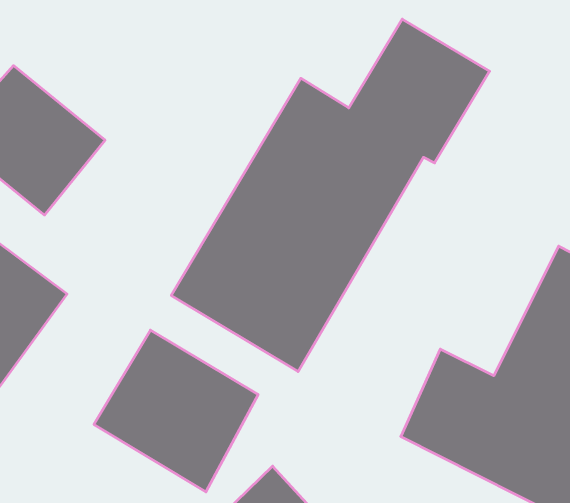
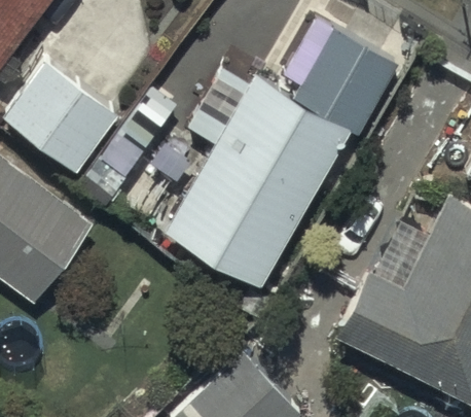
building: [94,330,258,492] -> none

